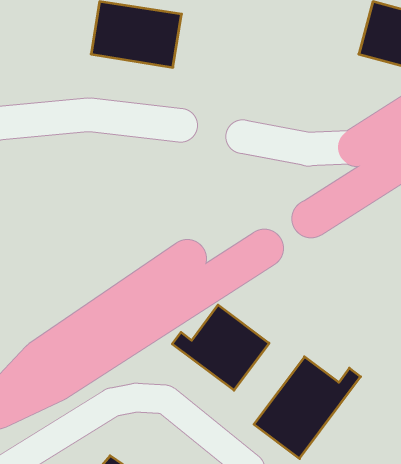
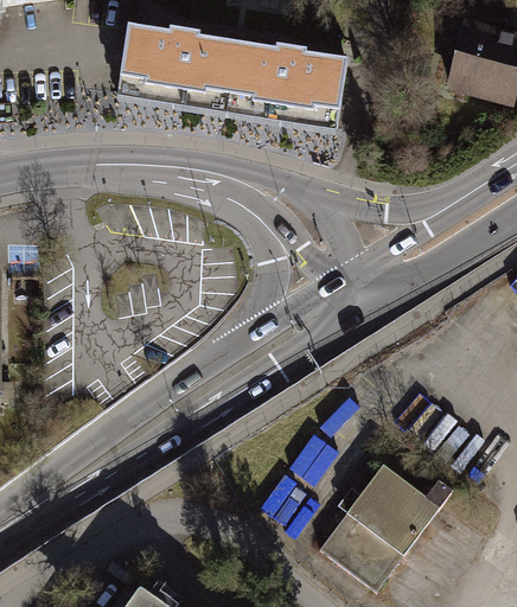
building: none -> [219,36,340,119]
building: [172,305,269,390] -> none

